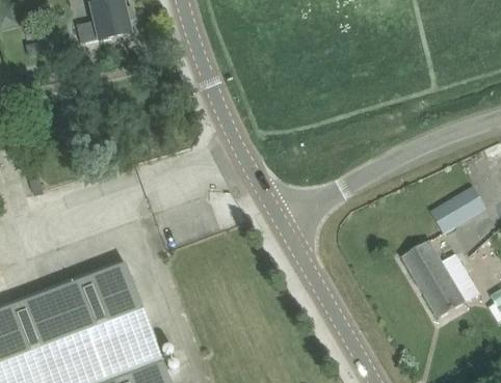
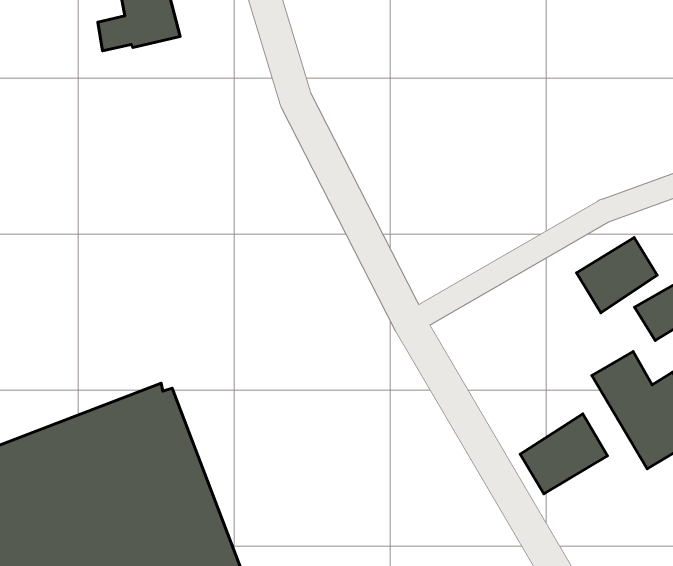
building: none -> [577,238,657,313]
building: none -> [520,414,608,494]

